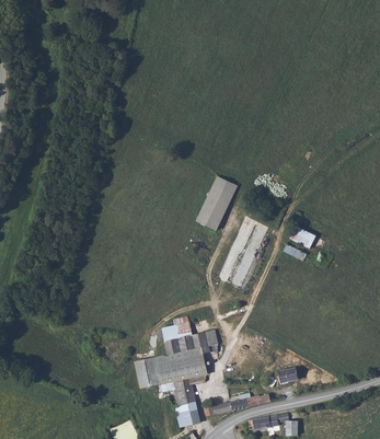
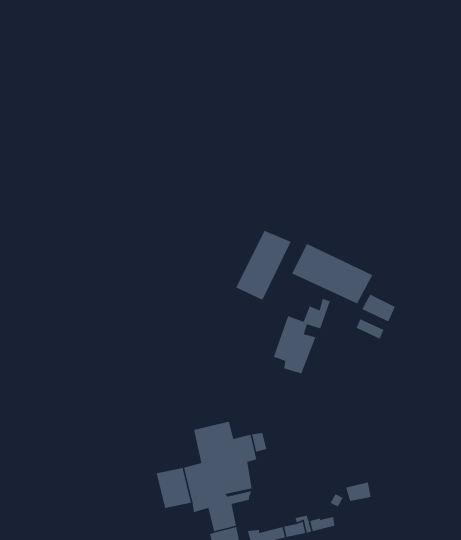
building: none -> [291,243,374,304]

